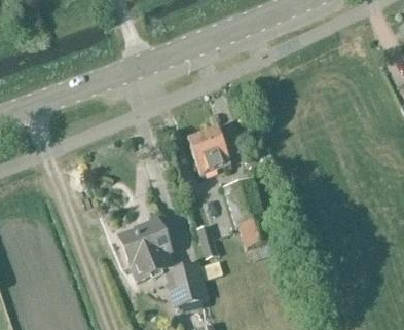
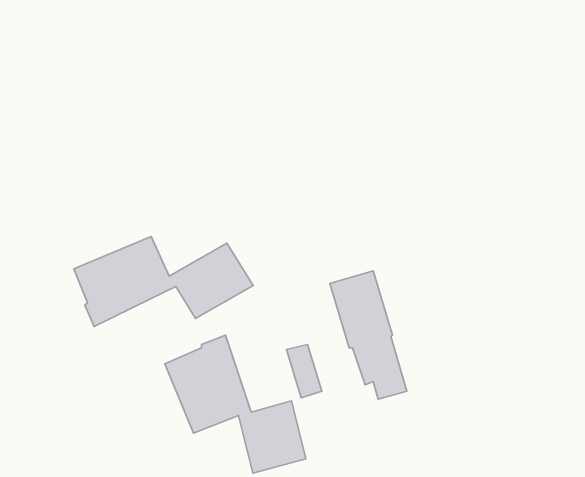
building: [186,126,229,174] -> none
building: none -> [74,236,253,326]

